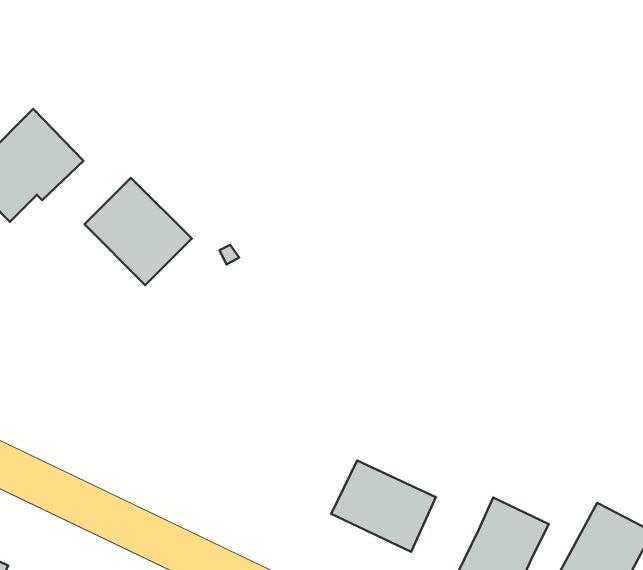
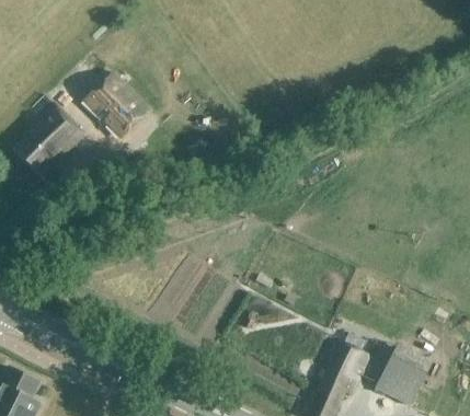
building: [84,178,192,285] -> [84,72,150,138]
building: [331,461,436,552] -> none

